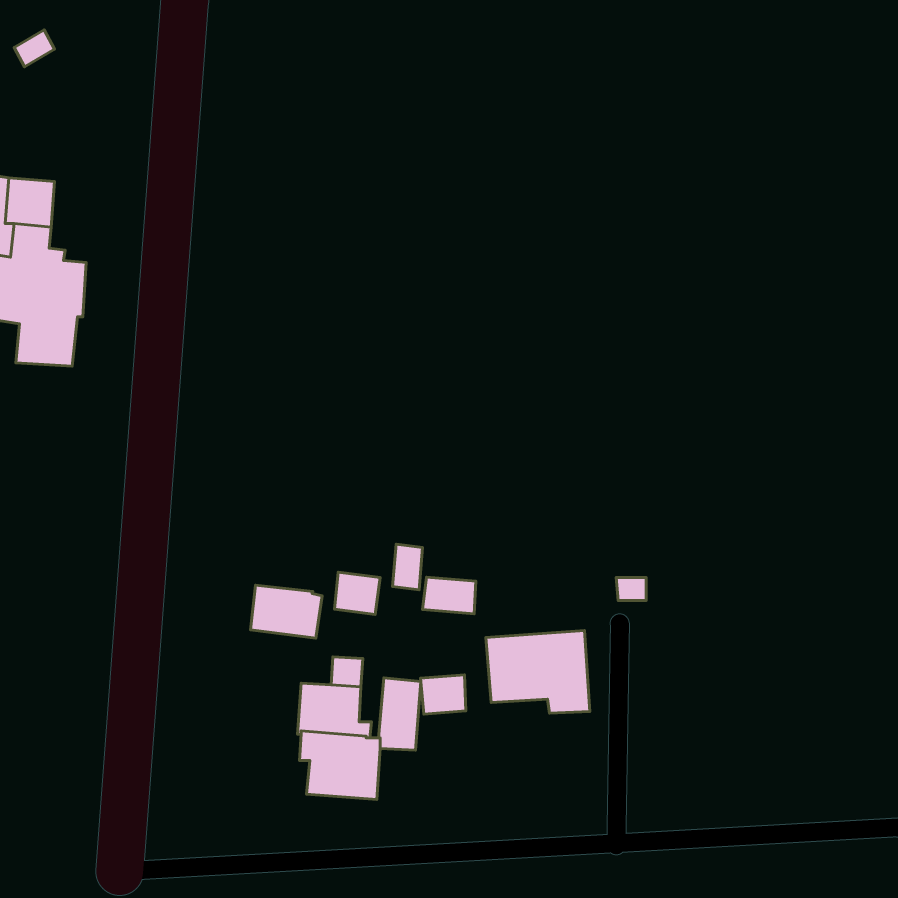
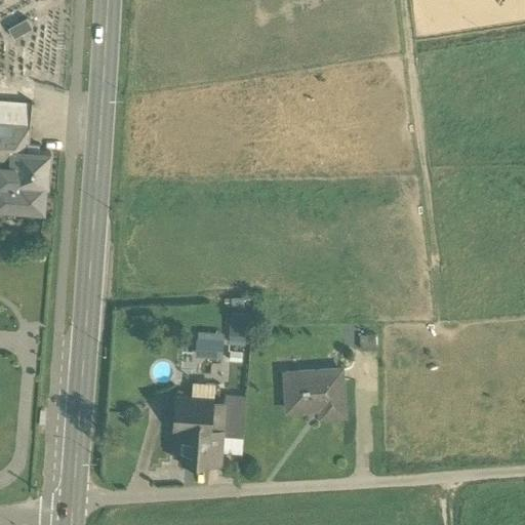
building: [422,577,476,614] -> none
building: [251,585,322,638] -> none
building: [421,675,466,714] -> none

